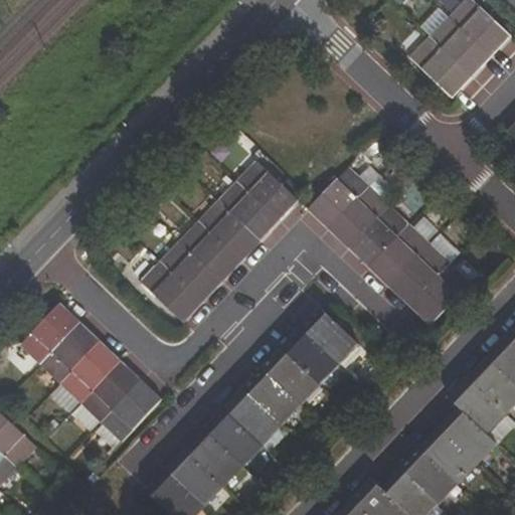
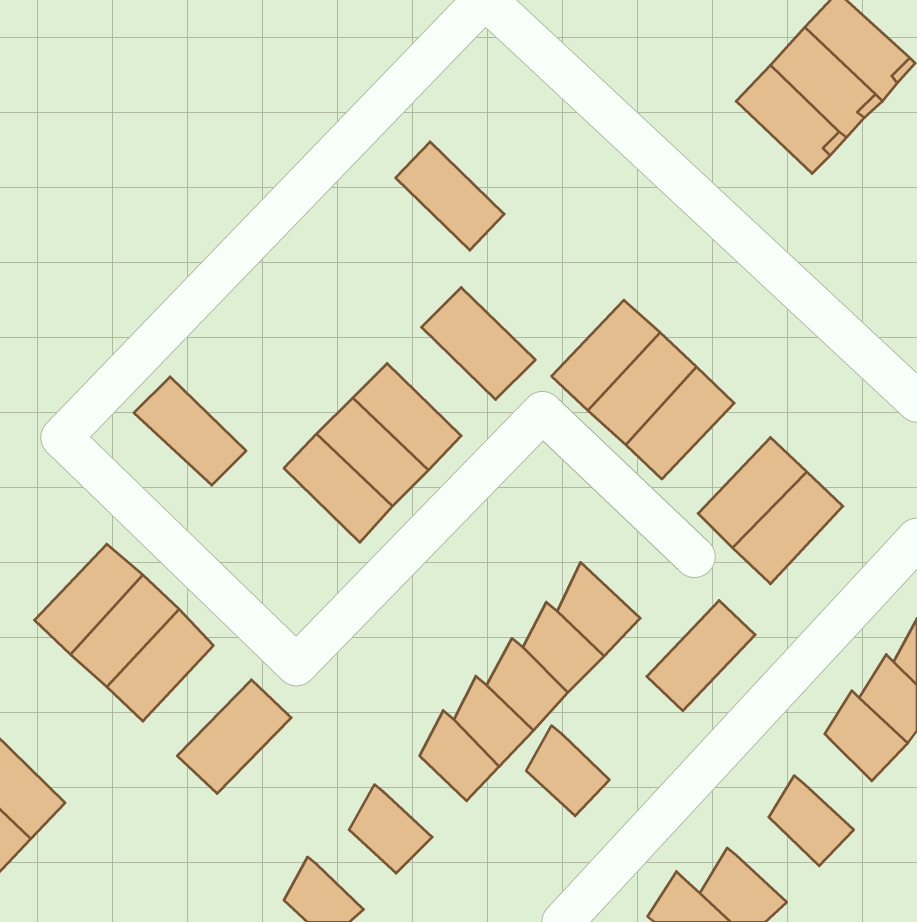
building: [215,182,276,242] -> [396,142,504,250]
building: [368,224,428,286] -> [647,600,755,711]
building: [138,261,200,321] -> [134,377,246,485]
building: [79,359,140,420] -> none
building: [448,411,494,462] -> none
building: [213,415,260,466] -> [526,726,609,816]
building: [409,453,456,502] -> none
building: [176,457,220,506] -> none

